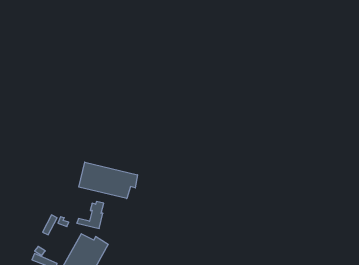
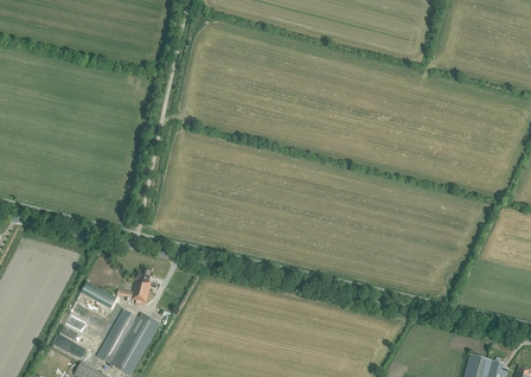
building: [79,162,137,199] -> none

